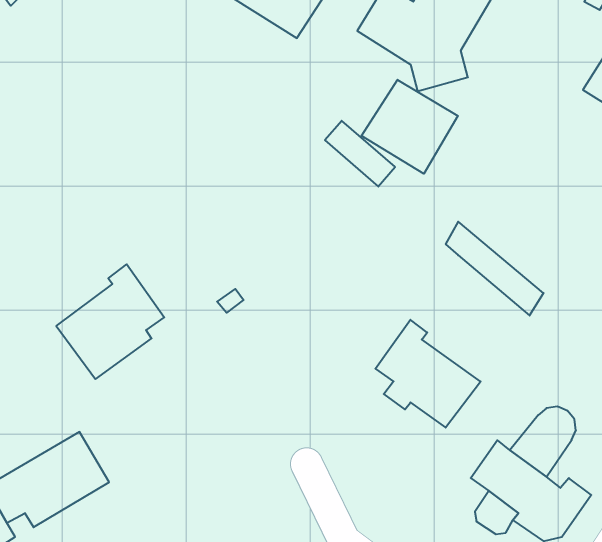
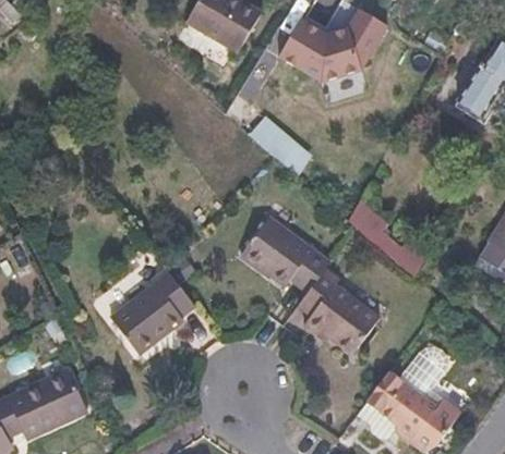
building: [361,80,458,174] -> none
building: none -> [239,225,326,299]
building: [56,264,164,379] -> [119,271,203,360]

